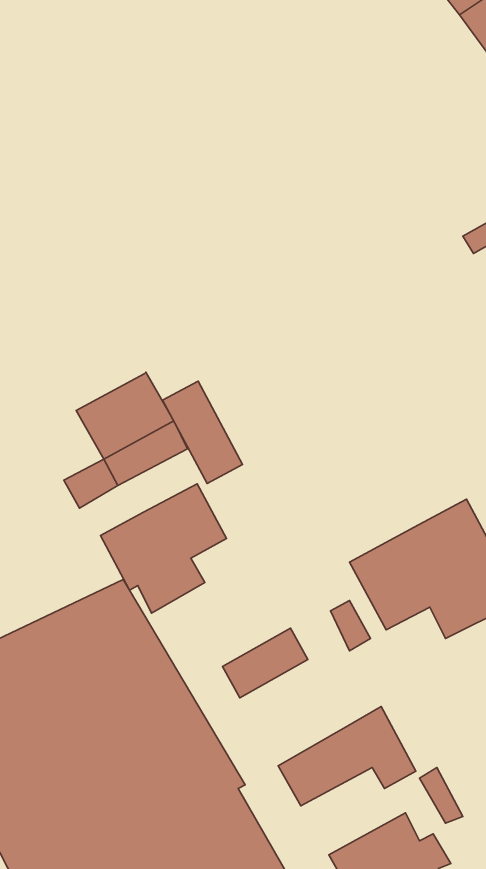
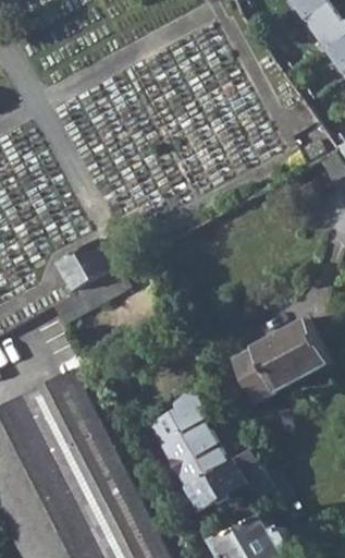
building: [163,381,242,484] -> none
building: [100,484,227,613] -> none
building: none -> [160,417,227,484]

